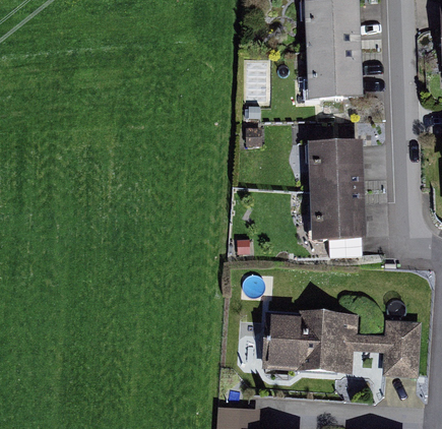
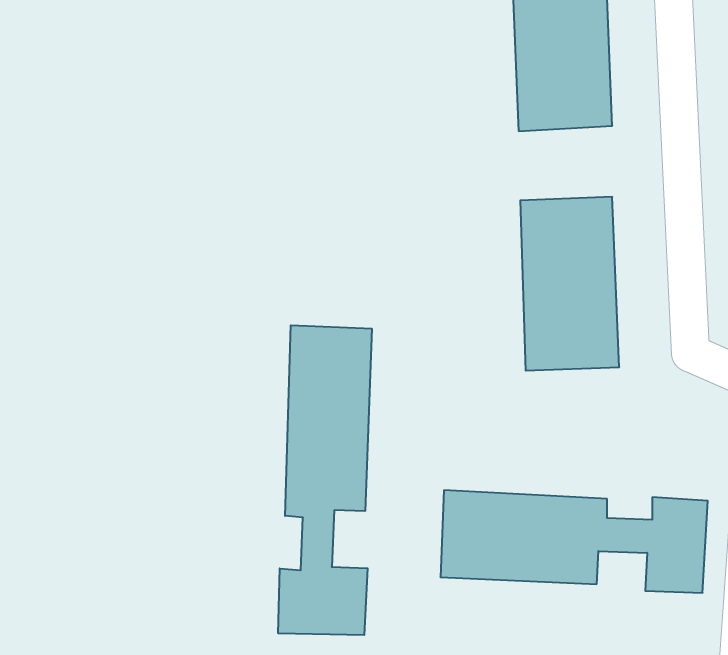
building: none -> [278,325,372,635]

